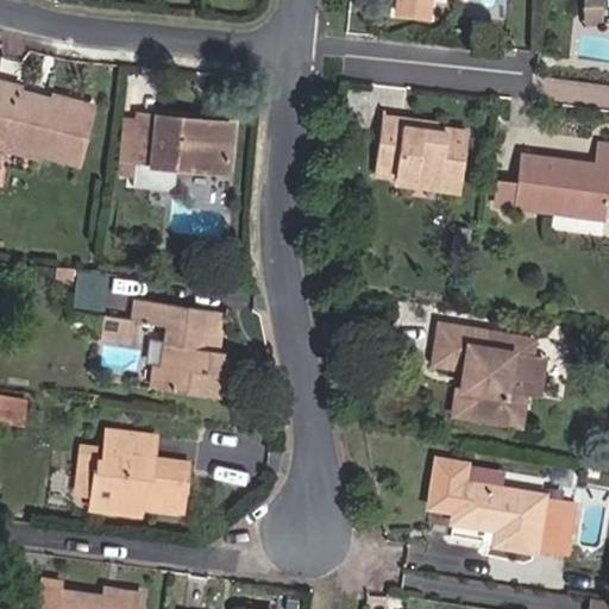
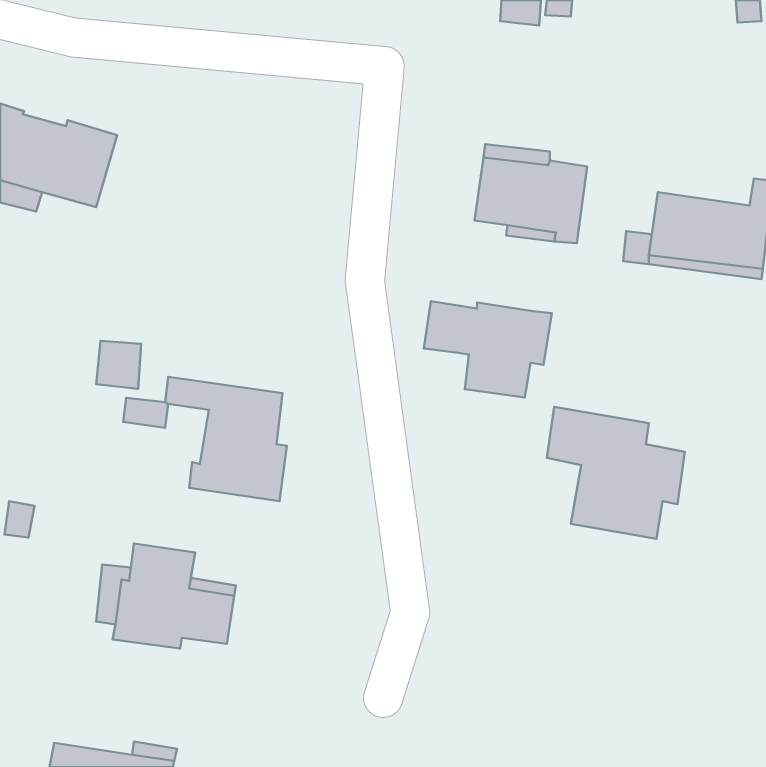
building: [131,115,230,184] -> none
building: none -> [424,301,552,397]
building: [429,458,578,557] -> none

